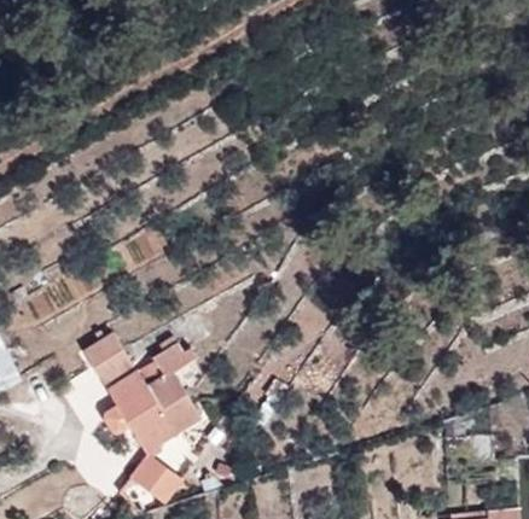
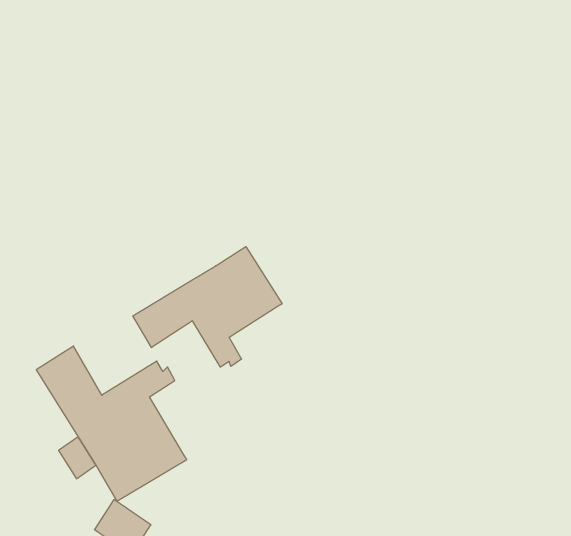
building: none -> [133,247,282,367]

